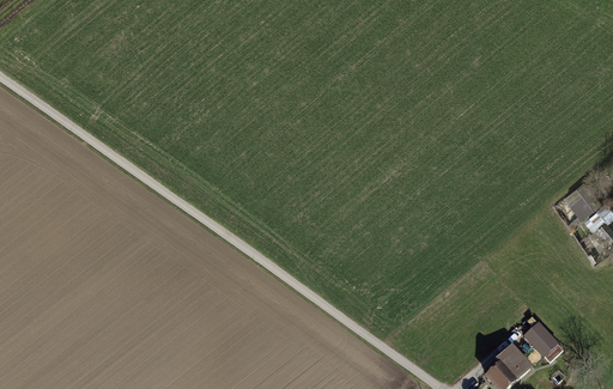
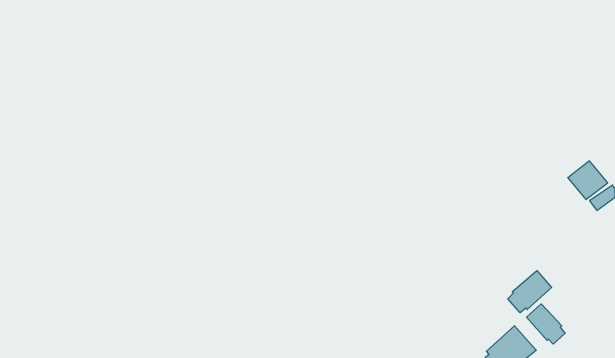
building: none -> [508,271,552,313]

